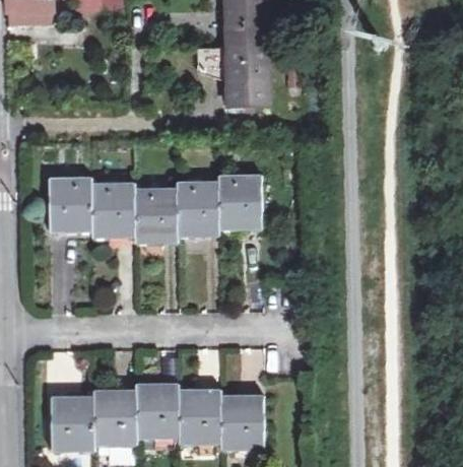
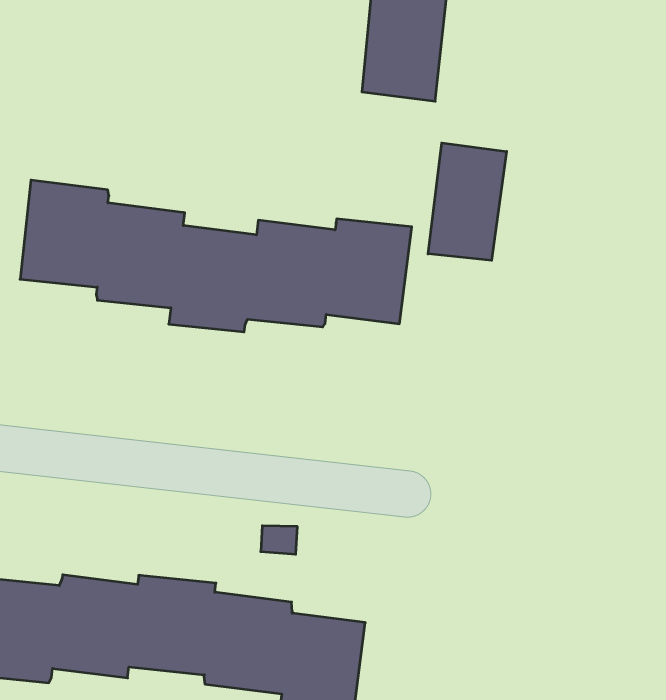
building: none -> [428,143,507,260]

